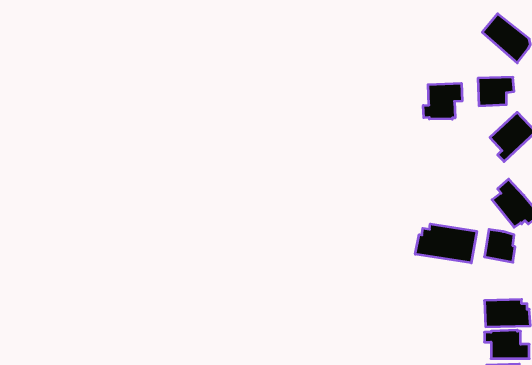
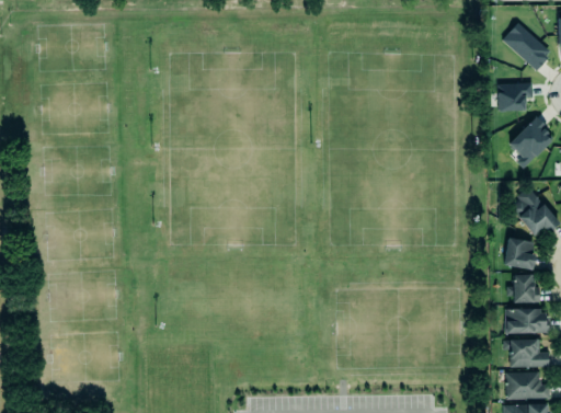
building: [423,83,462,119] -> none
building: [415,224,477,263] -> none
building: none -> [507,274,540,302]

